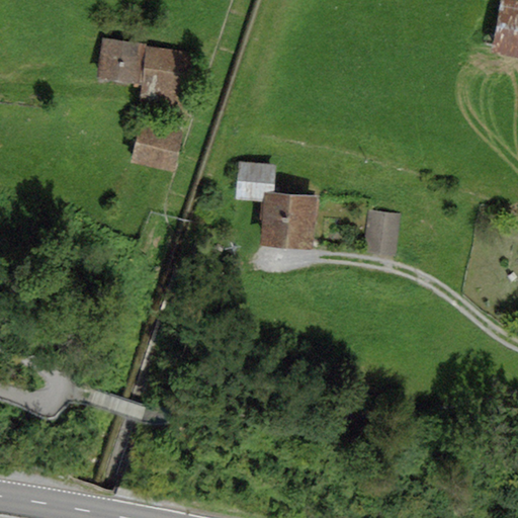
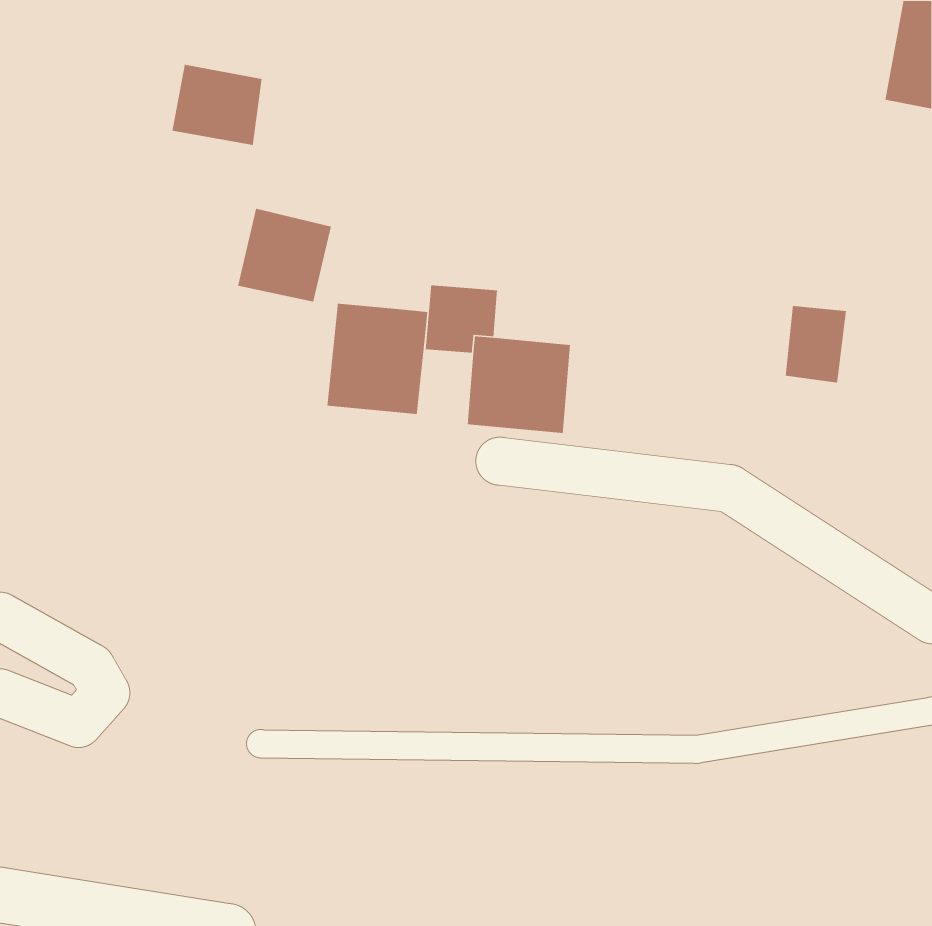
building: [138,47,191,108] -> none
building: none -> [326,303,428,415]
building: [365,213,400,257] -> [785,305,847,384]

